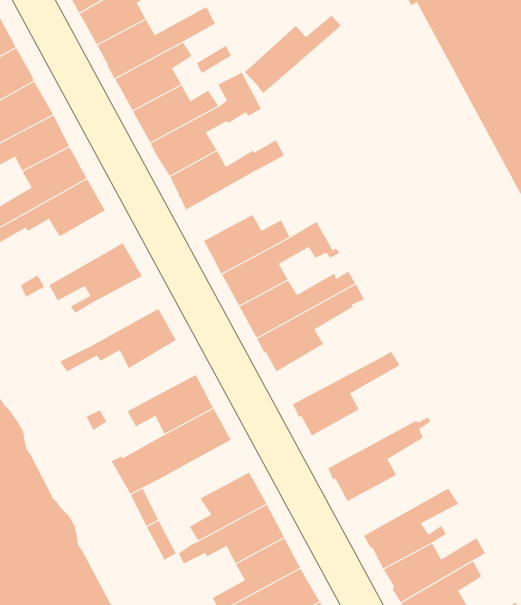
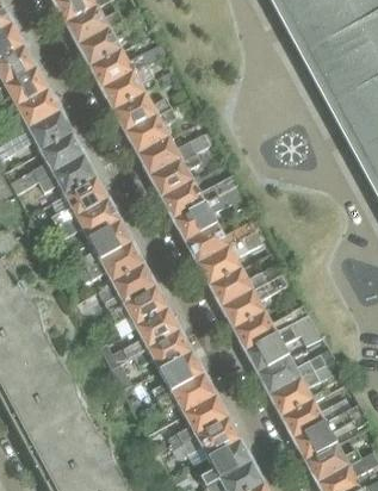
building: [244,15,342,94] -> none
building: none -> [150,151,202,198]
building: none -> [51,178,109,228]
building: none -> [81,222,132,268]
building: none -> [211,263,283,307]
building: none -> [105,265,157,312]
building: none -> [235,307,305,350]
building: none -> [134,331,193,371]
building: none -> [259,354,327,396]

